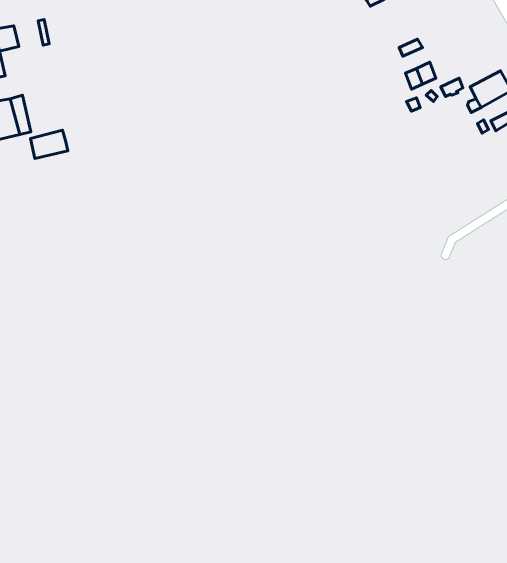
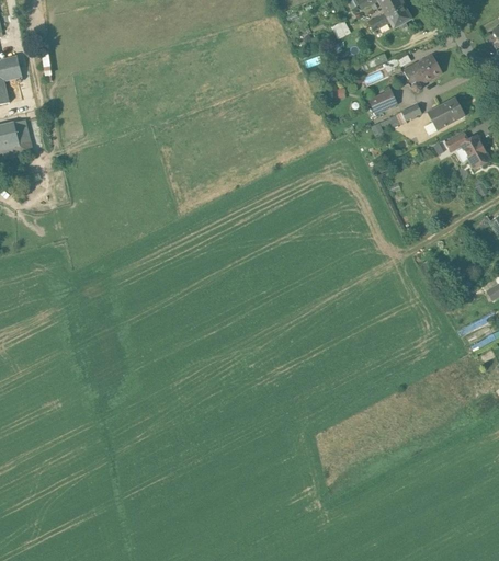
building: none -> [405,54,442,91]
building: [30,130,68,158] -> none

